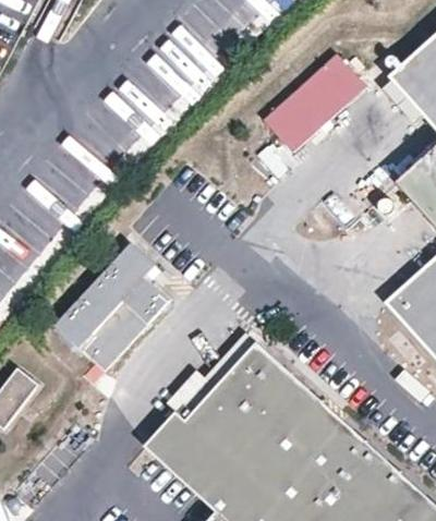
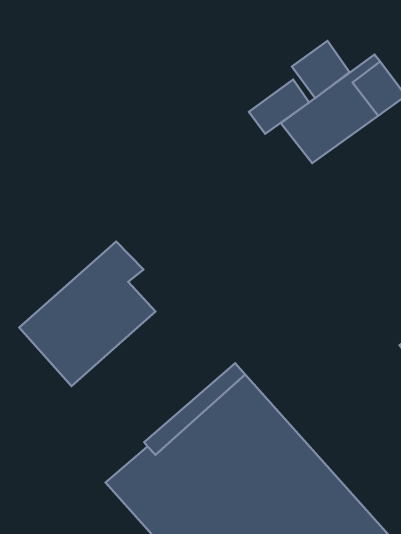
building: none -> [292,41,349,98]
building: none -> [249,79,309,134]

